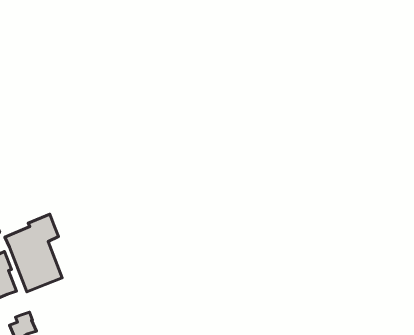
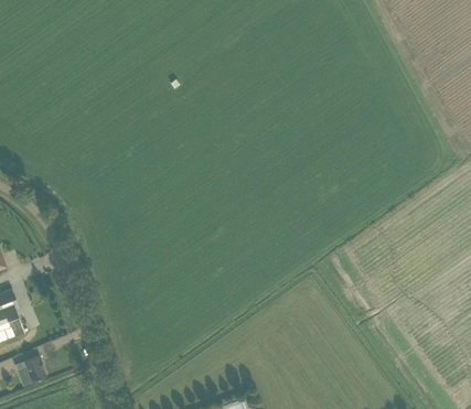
building: [5,214,62,292] -> none

